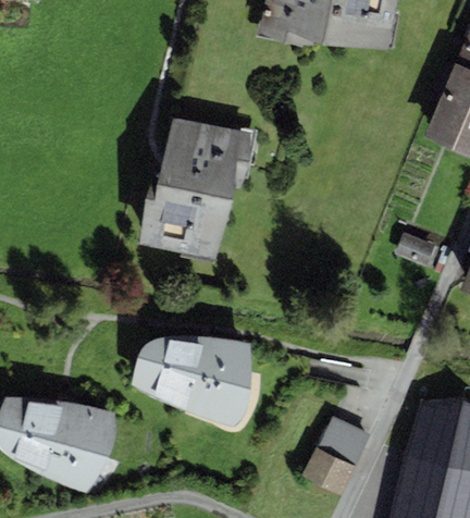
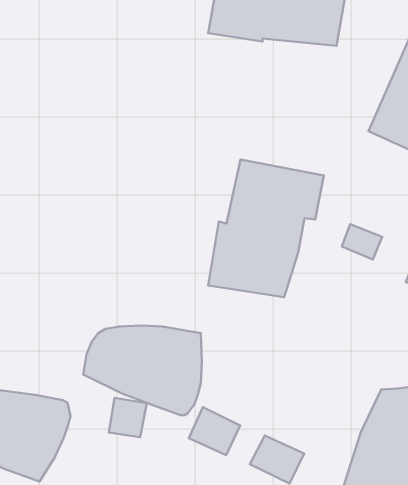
building: [139,118,257,258] -> [208,160,324,297]
building: none -> [109,398,147,437]
building: [319,417,371,466] -> [189,407,240,455]

